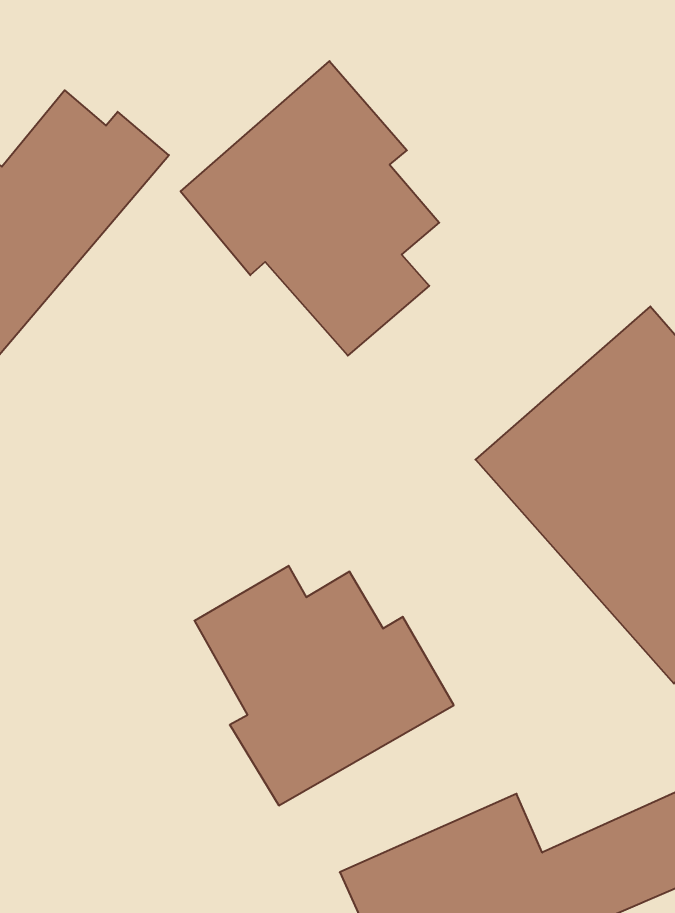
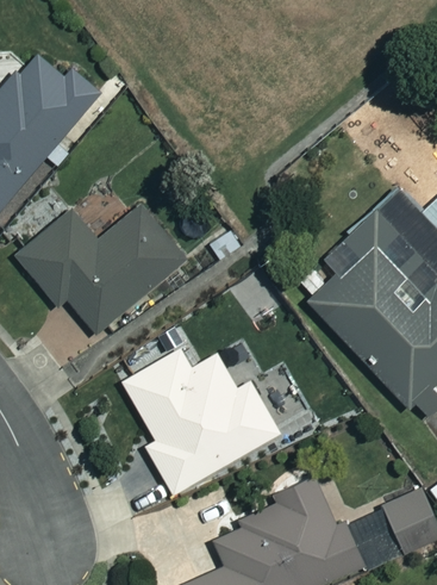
building: [181,61,439,356] -> none
building: none -> [24,209,191,335]

